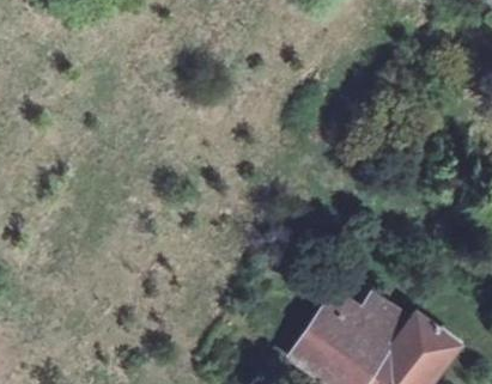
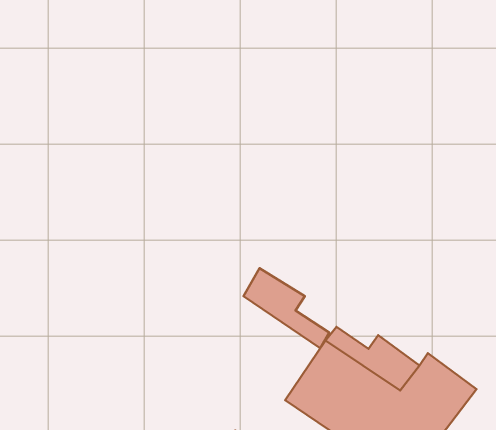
building: none -> [244,268,329,348]

